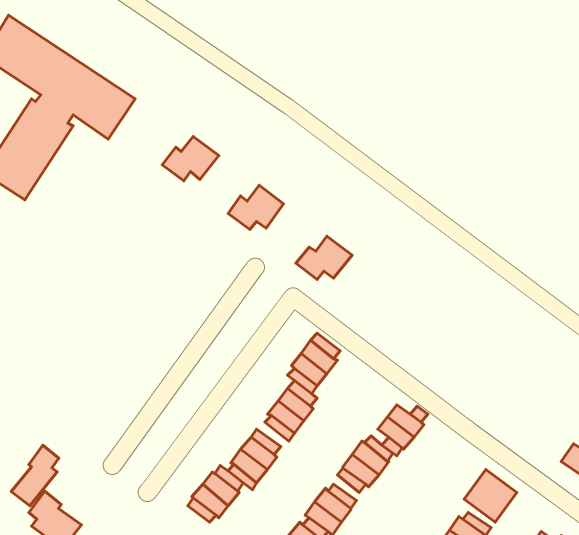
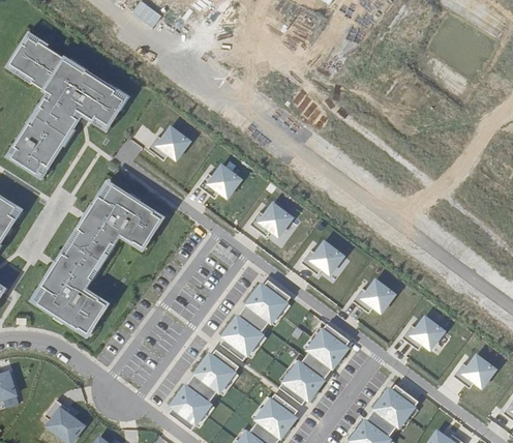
building: none -> [32,178,168,328]
building: none -> [301,241,343,274]
building: none -> [353,278,395,313]
building: none -> [403,317,447,351]
building: [11,445,59,506] -> none

